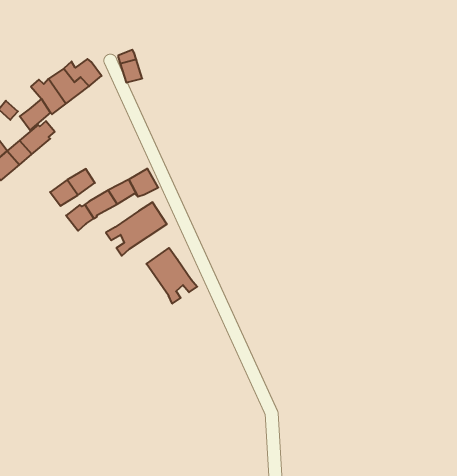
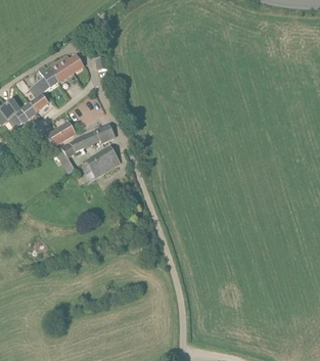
building: [146,248,197,304] -> none

